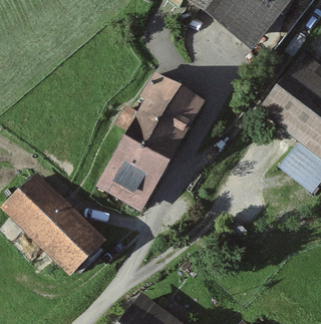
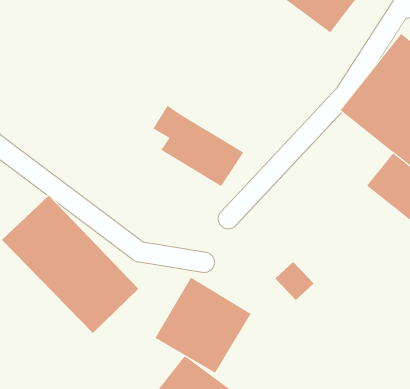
building: [138,69,210,140] -> none
building: [96,138,170,212] -> [155,277,251,373]

